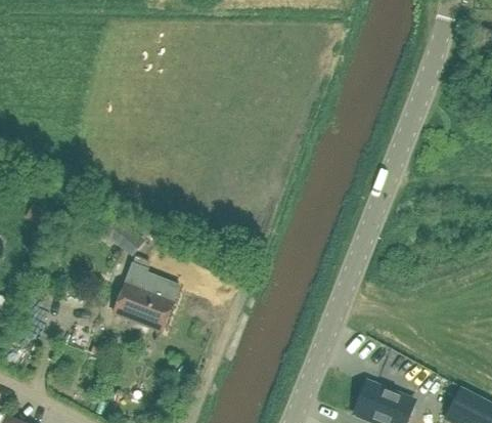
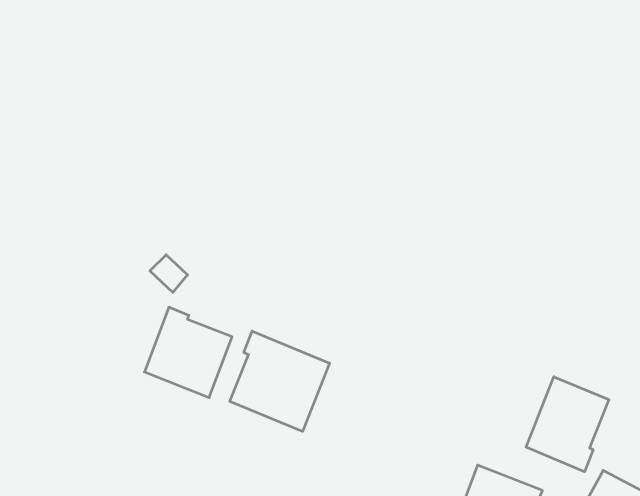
building: none -> [230,331,330,431]
building: none -> [526,377,609,472]

